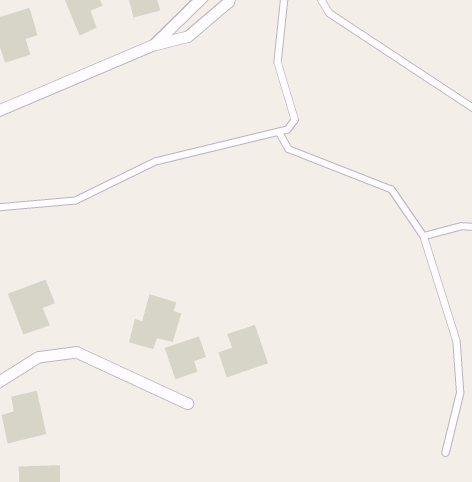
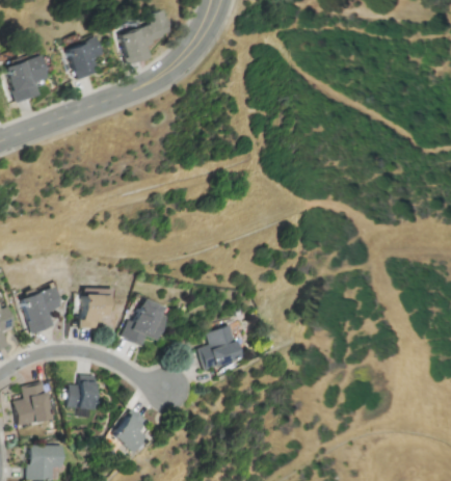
building: none -> [82,289,113,328]
building: [164,335,207,380] -> none
building: none -> [69,375,97,418]
building: none -> [114,409,150,453]

